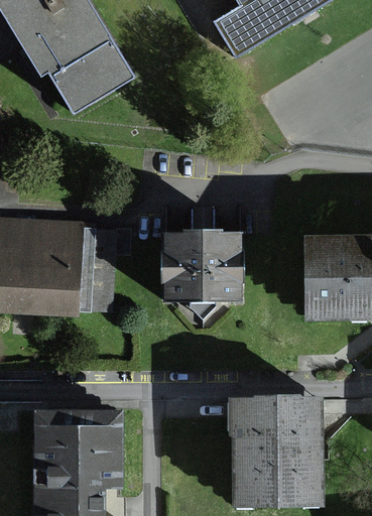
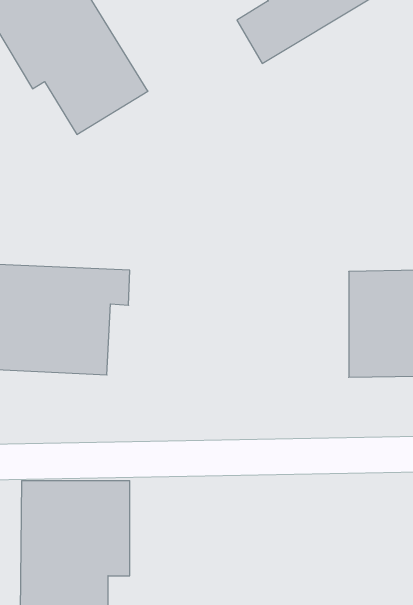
building: [160,235,239,304] -> none
building: [229,392,324,503] -> none

